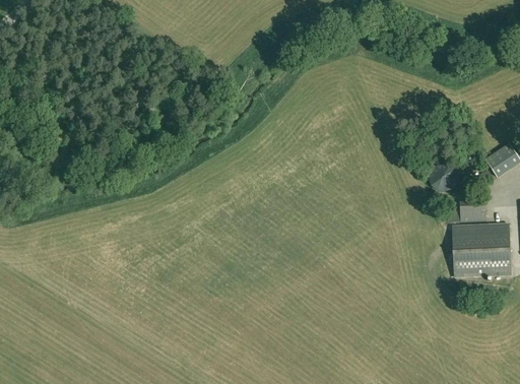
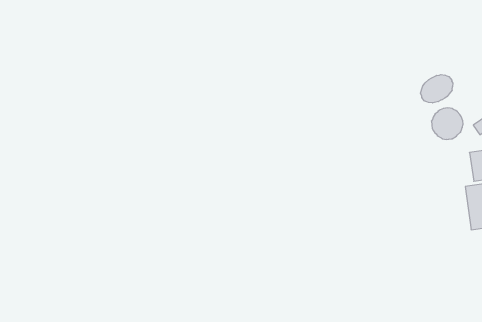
building: none -> [421,75,453,103]

